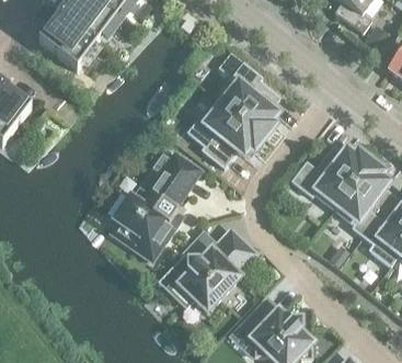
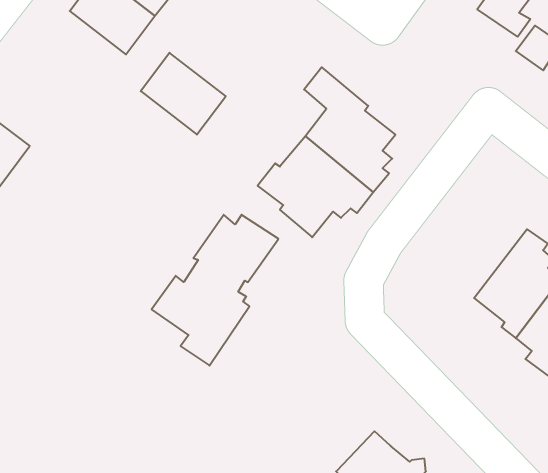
building: [38,11,96,67] -> [141,53,226,135]
building: [290,146,370,207] -> none
building: [179,228,254,307] -> none

